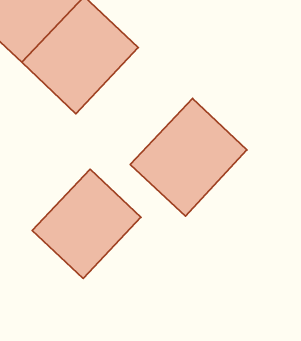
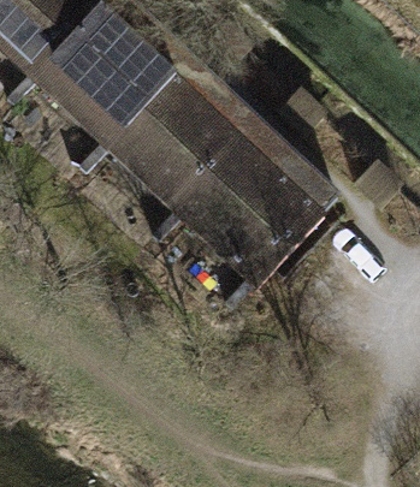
building: none -> [113,67,268,222]
building: [32,169,141,278] -> none

